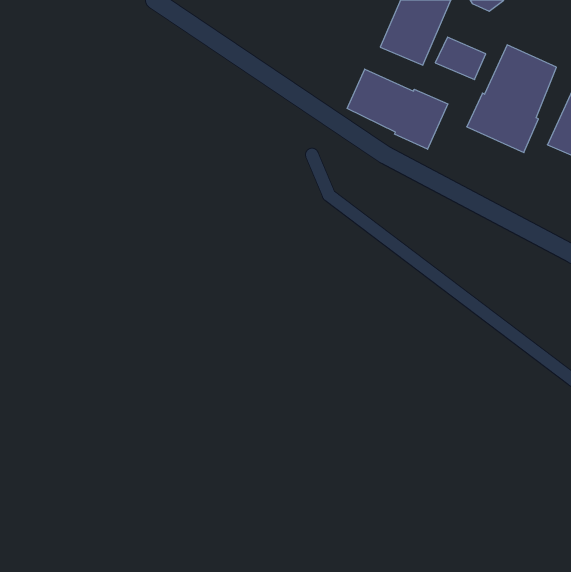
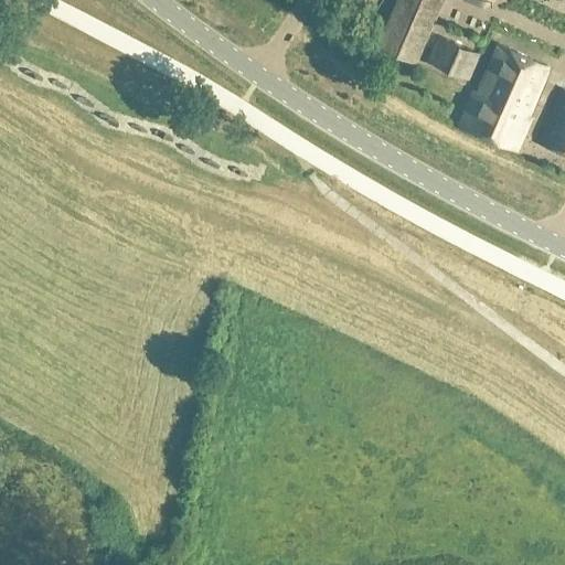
building: [347,69,448,149] -> none

